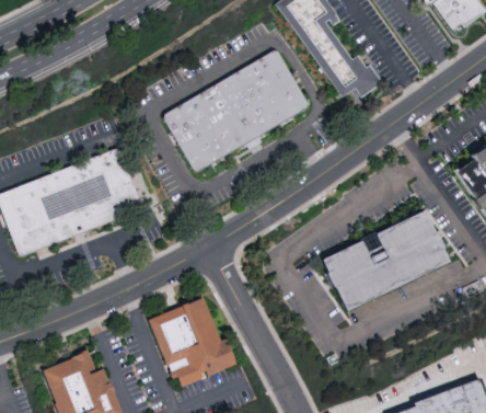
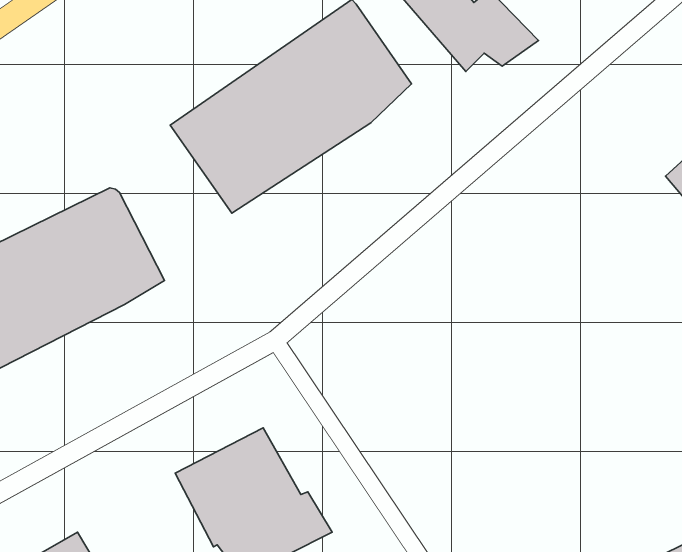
building: [320,209,448,312] -> none

